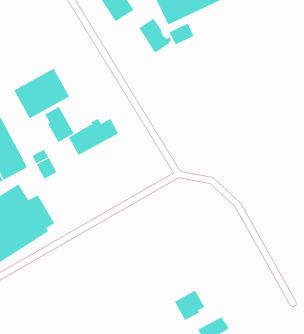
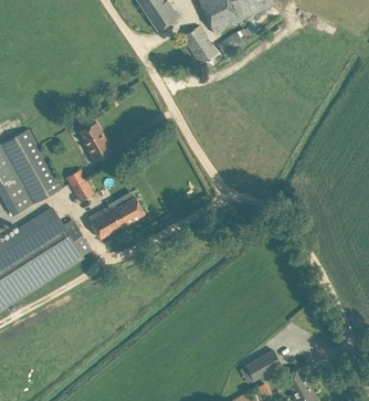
building: [13,68,70,119] -> none
building: [68,118,119,156] -> [88,198,144,239]
building: [174,290,205,321] -> none

